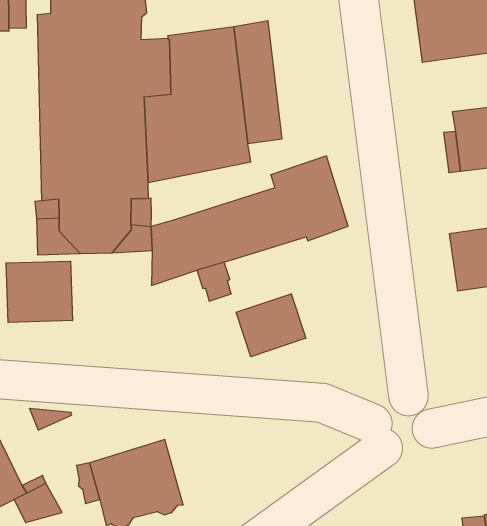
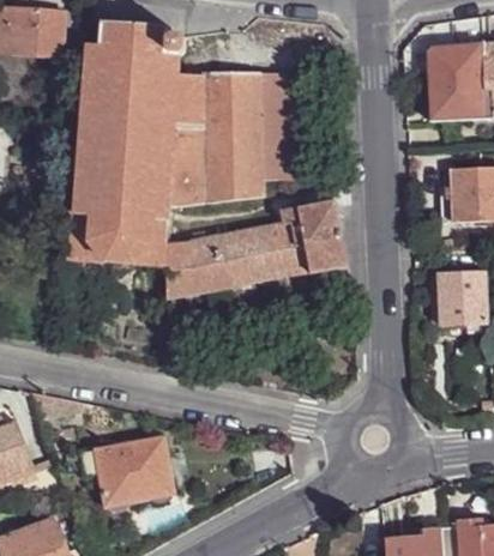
building: [6,261,72,323] -> none
building: [236,294,306,357] -> none

